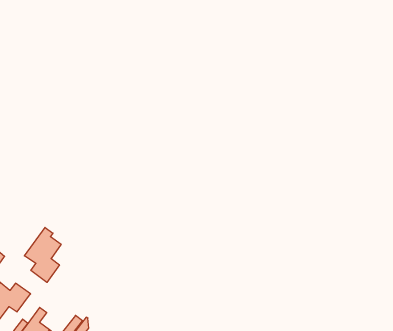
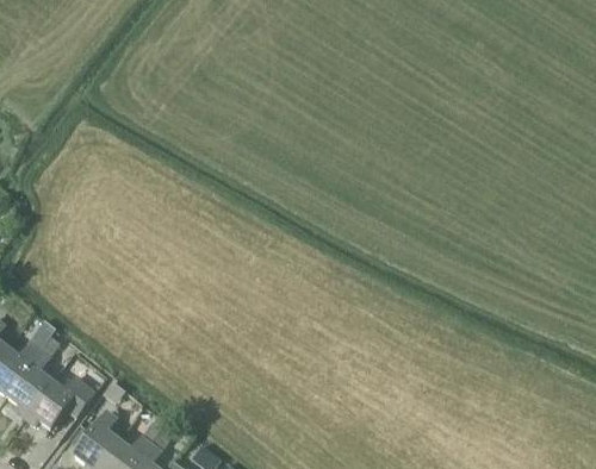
building: [24,227,61,282] -> none

